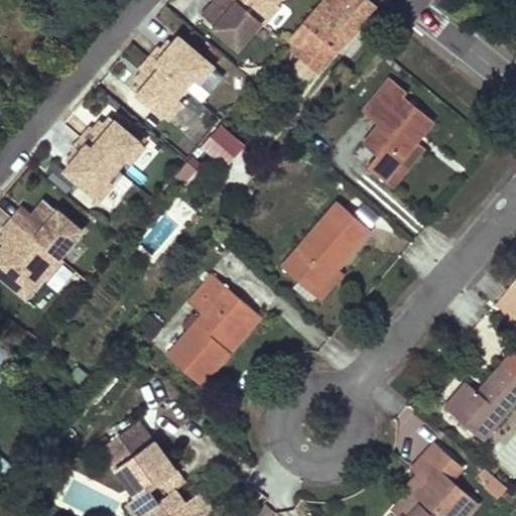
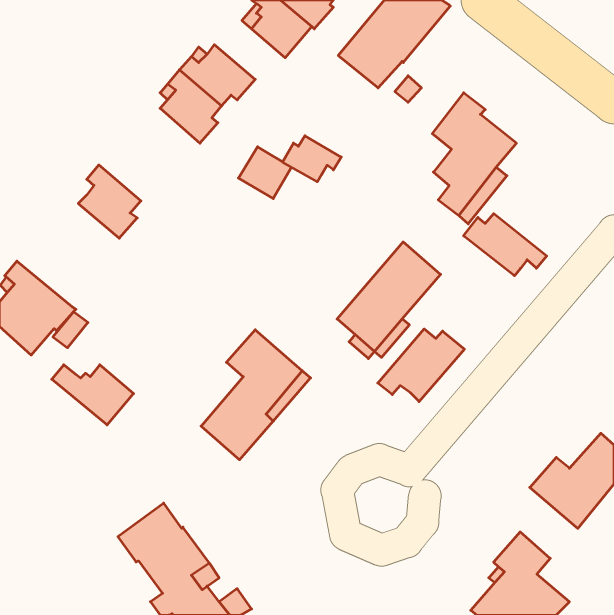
building: none -> [283,136,341,182]
building: [83,117,146,168] -> none
building: none -> [464,214,547,276]
building: [14,207,83,257] -> [52,365,134,425]
building: none -> [378,329,464,402]

